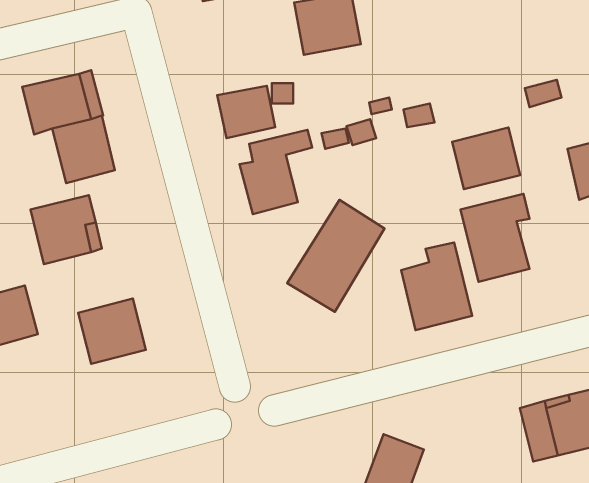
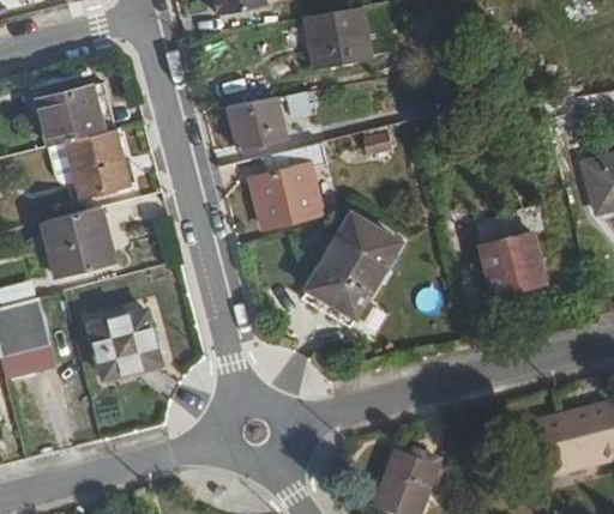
building: [452,128,520,189] -> none
building: [401,242,472,330] -> none

